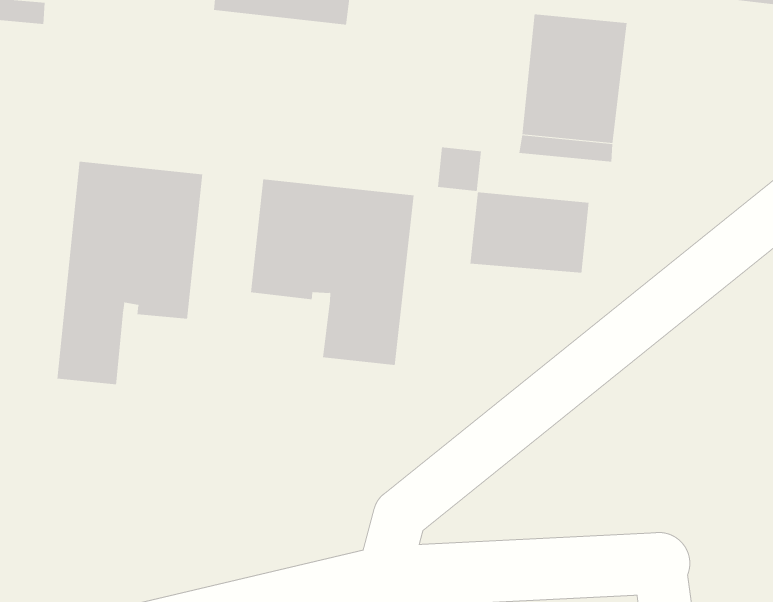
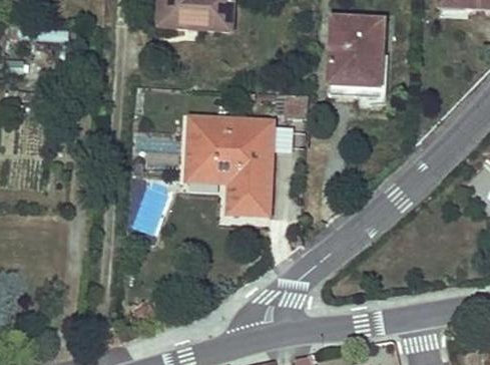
building: [57,161,203,385] -> none
building: [470,191,589,274] -> none

